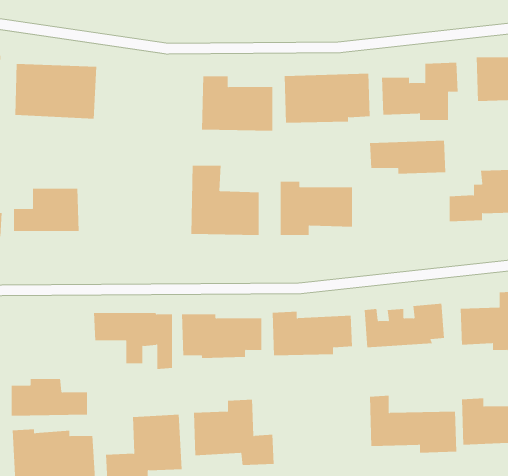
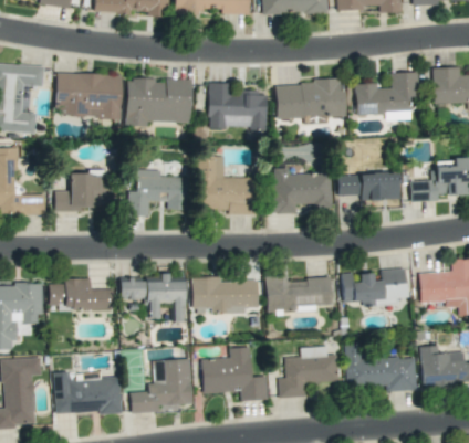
building: none -> [125,78,191,125]
building: [369,140,446,174] -> [337,172,400,200]
building: none -> [128,169,186,217]
building: [11,378,88,416] -> [49,278,112,309]
building: none -> [278,347,337,398]

